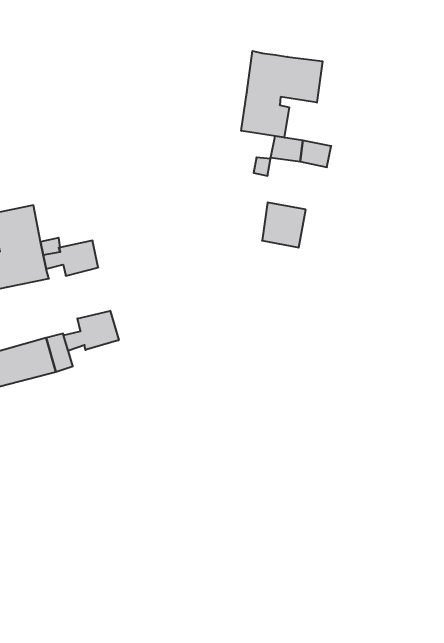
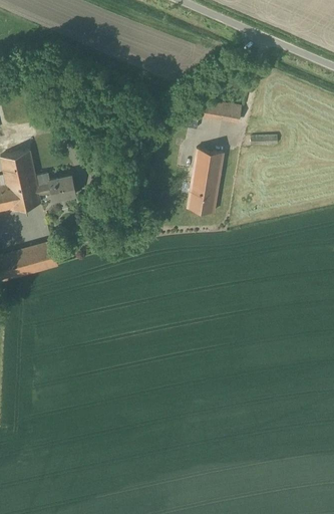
building: [241,51,323,138] -> none
building: none -> [189,175,220,212]
building: [64,311,119,351] -> none

